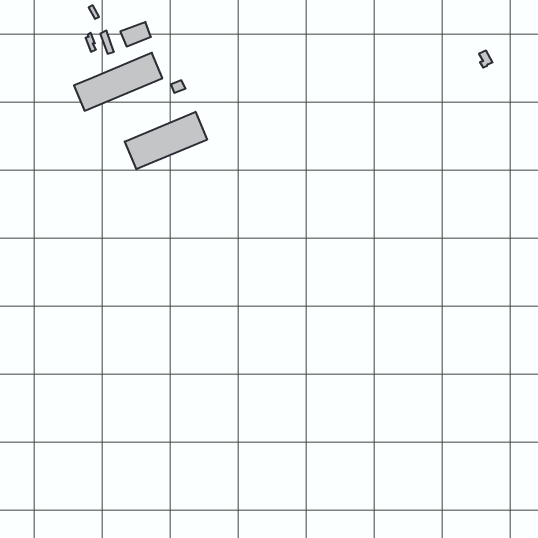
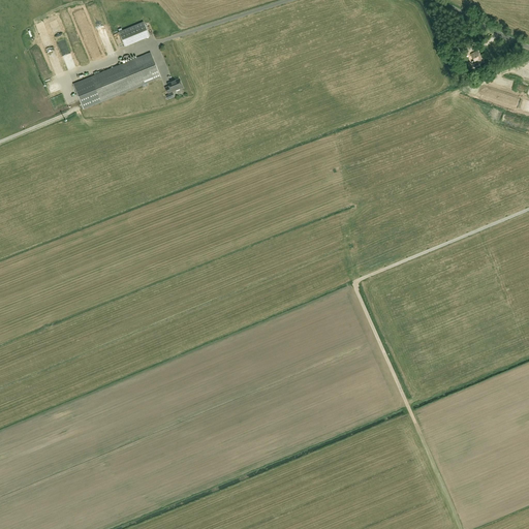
building: [125,112,207,169] -> none

